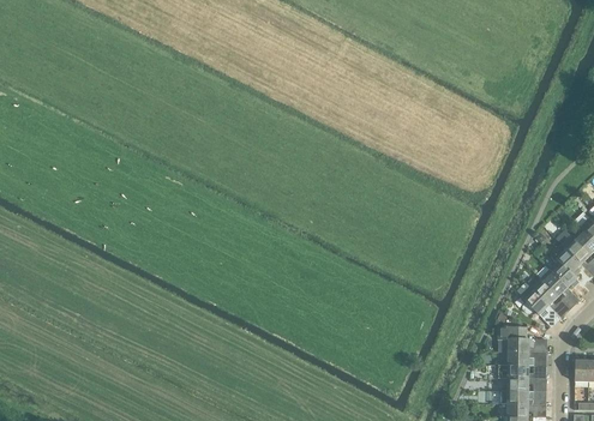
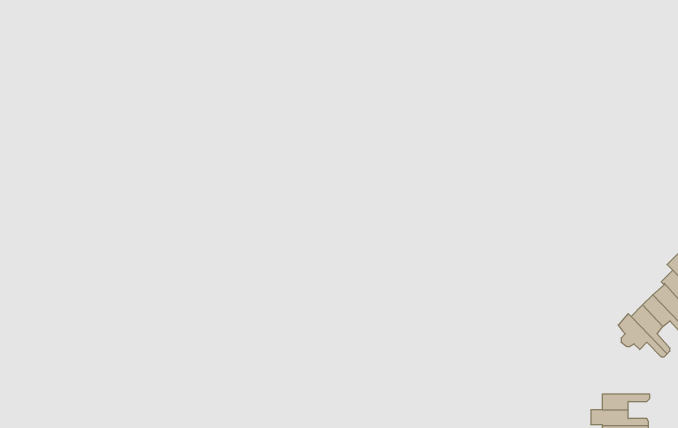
building: [498,329,547,354] -> none

